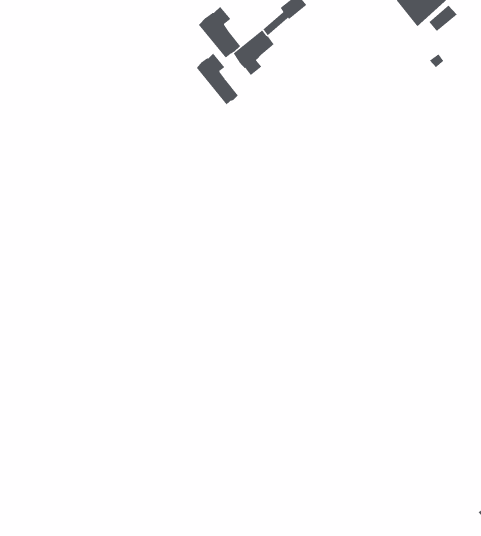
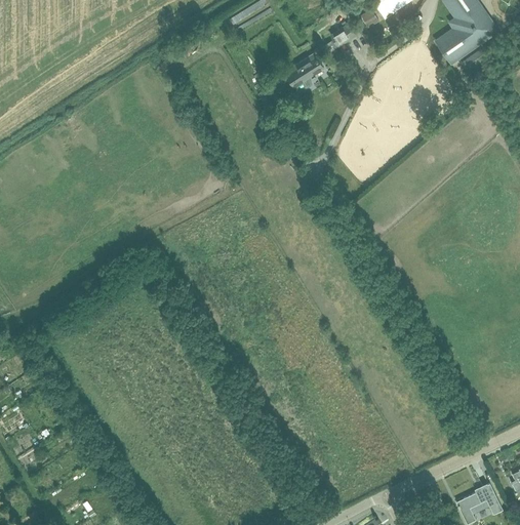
building: [198,6,241,59] -> none
building: [196,53,238,105] -> none

